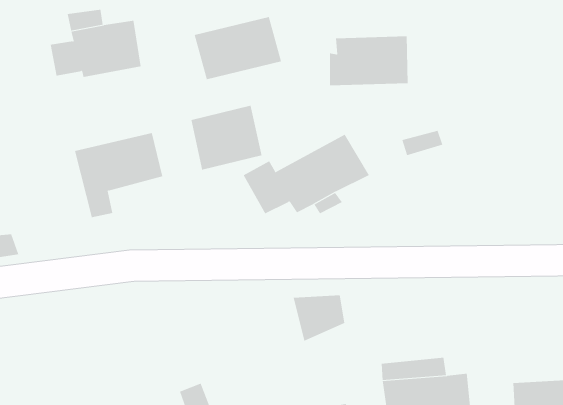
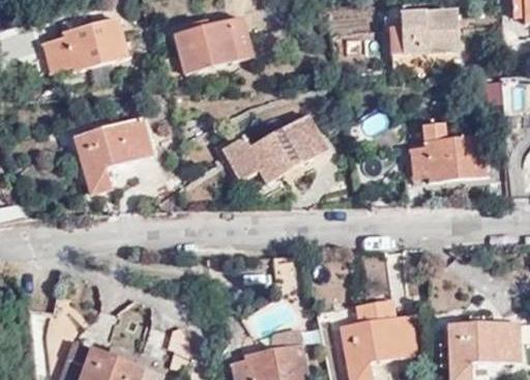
building: [329,36,409,86] -> [393,12,461,55]
building: [191,105,262,170] -> none
building: none -> [410,133,483,181]

